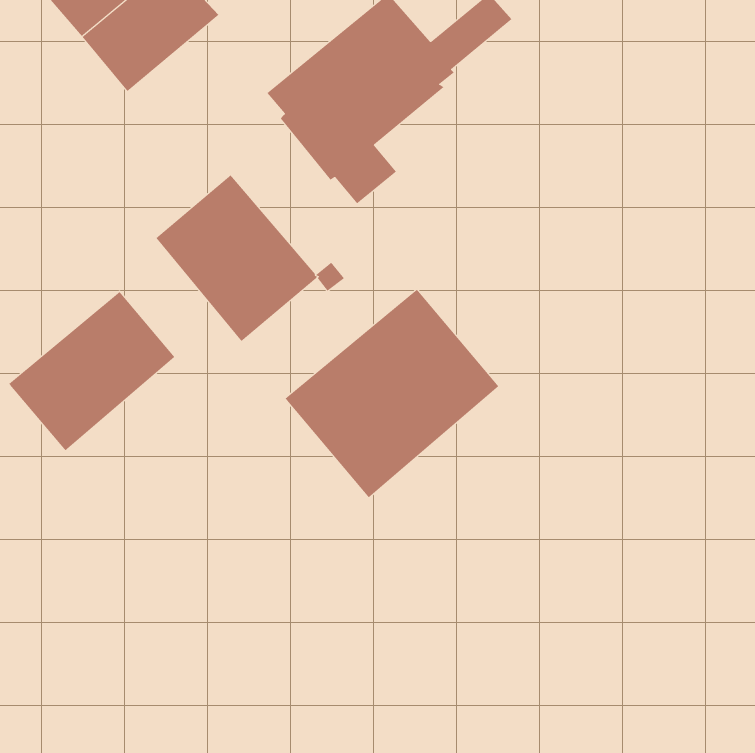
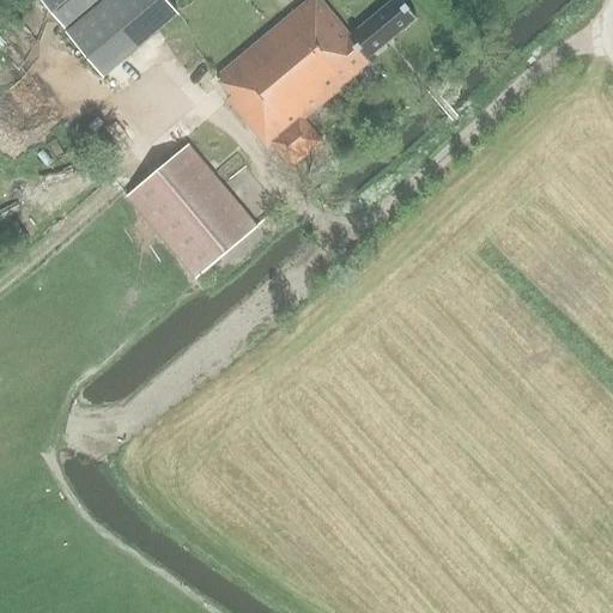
building: [285,289,499,498] -> none
building: [9,291,175,451] -> none

